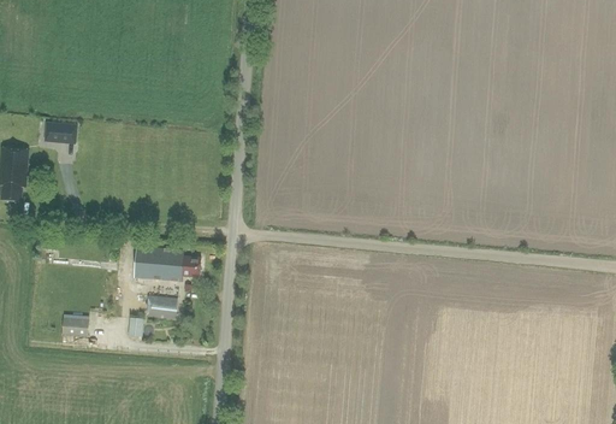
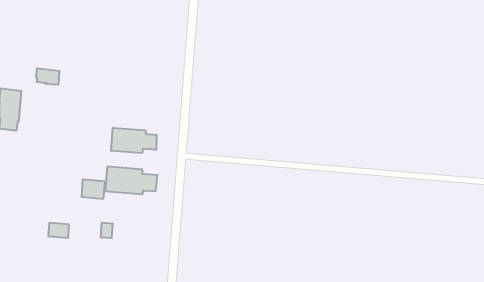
building: none -> [111,128,157,153]
building: [147,295,177,319] -> [81,180,105,199]

